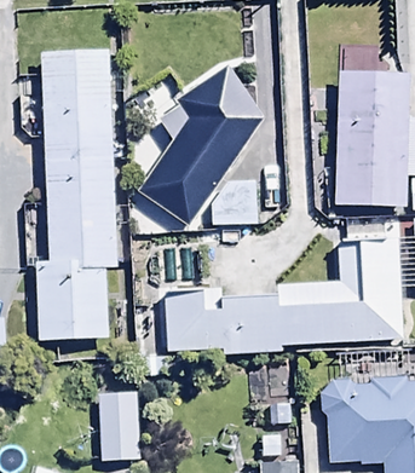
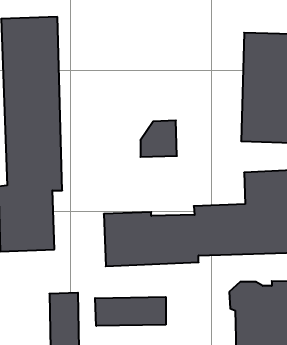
building: [139,65,266,225] -> none
building: none -> [95,297,166,326]

